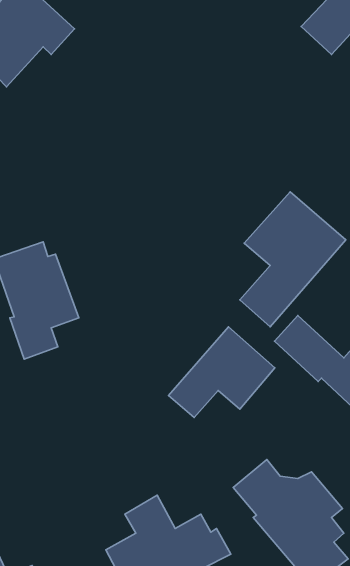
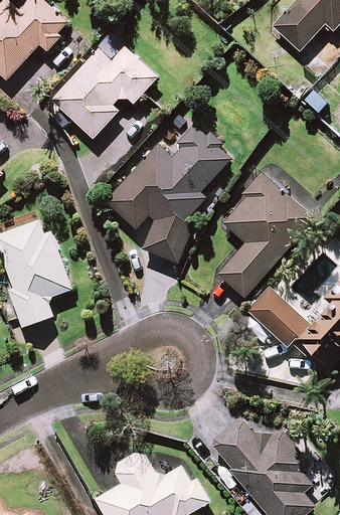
building: none -> [52,47,158,138]
building: none -> [106,123,233,265]
building: [169,327,275,418] -> none

